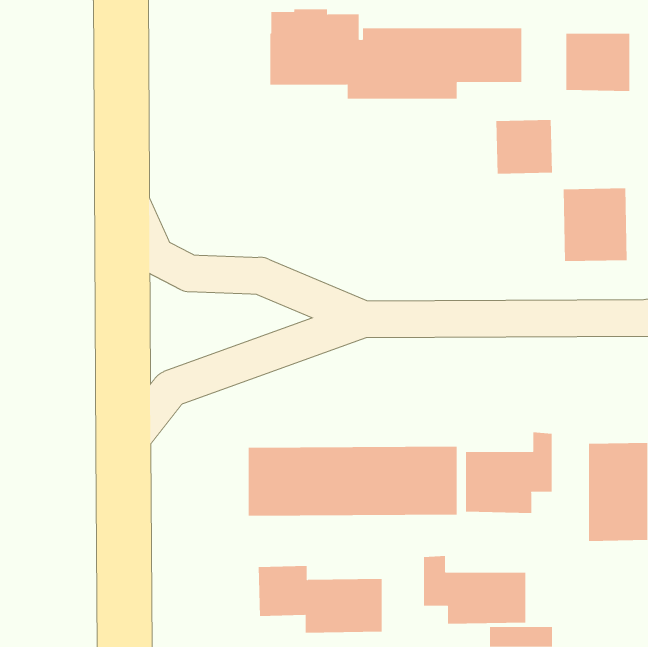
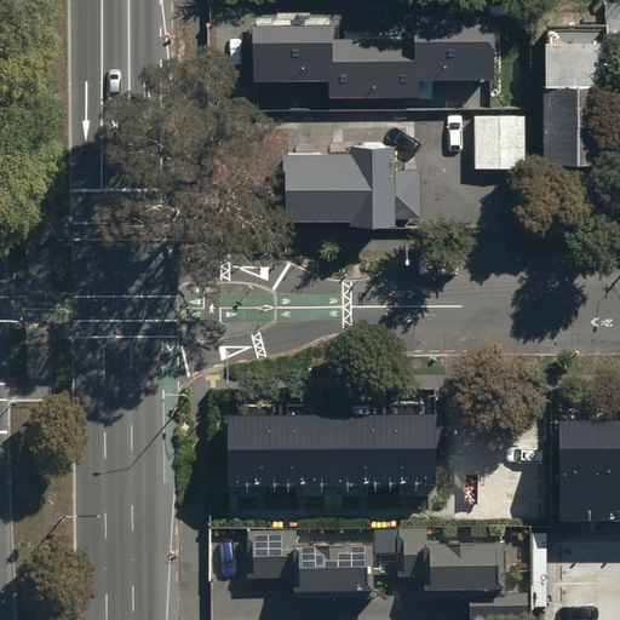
building: none -> [288,145,397,223]
building: [563,188,628,262] -> [544,92,605,162]
building: [465,432,552,514] -> none

